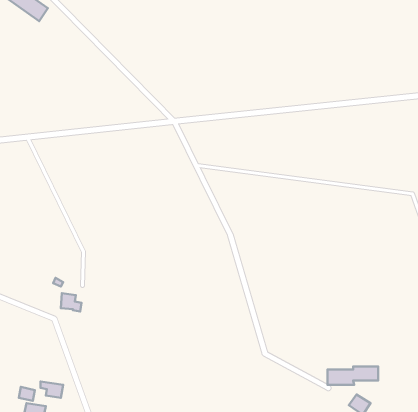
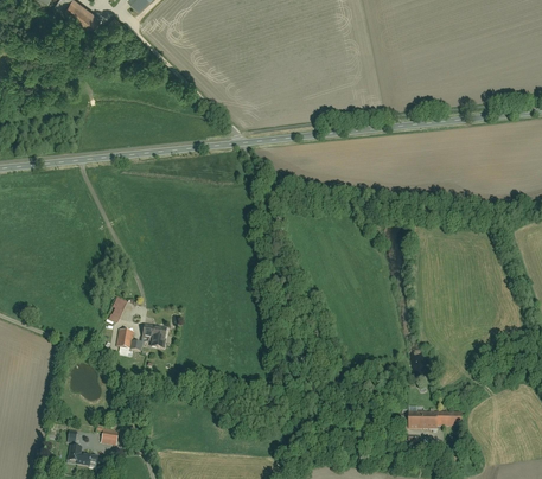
building: none -> [141,321,167,351]

